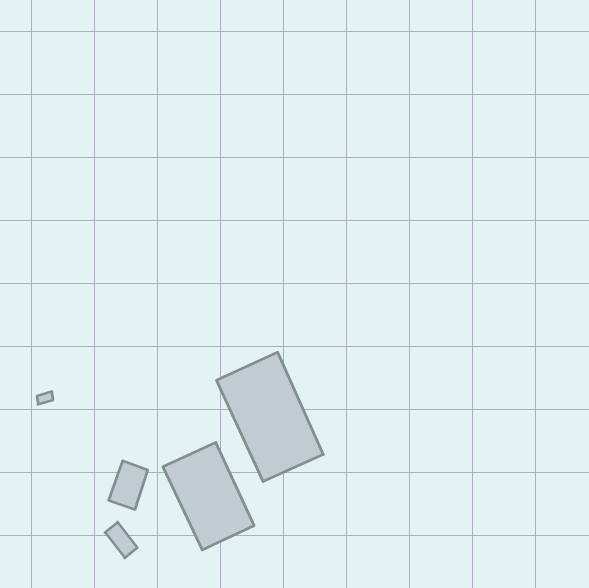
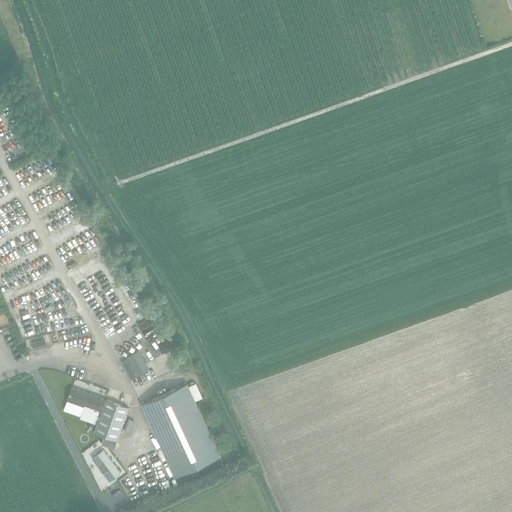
building: [217,352,323,482] -> none
building: none -> [68,389,105,425]

